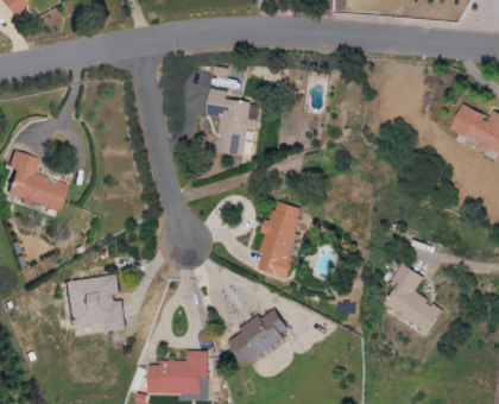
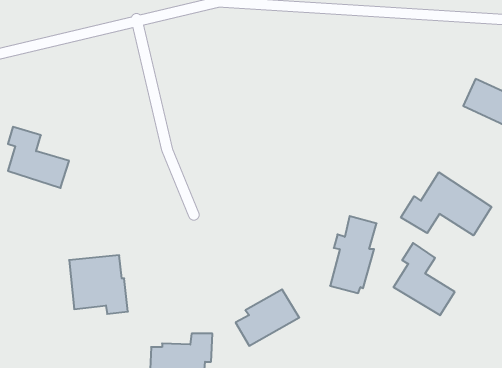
building: [206,89,261,157] -> none
building: none -> [401,172,491,235]
building: [257,202,302,277] -> [330,216,377,293]

